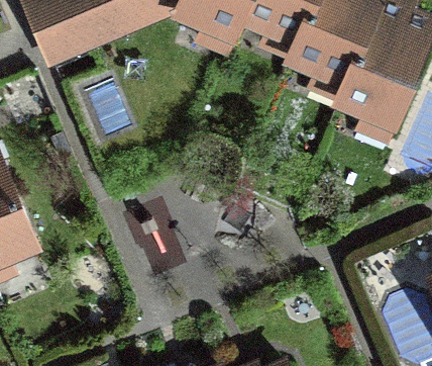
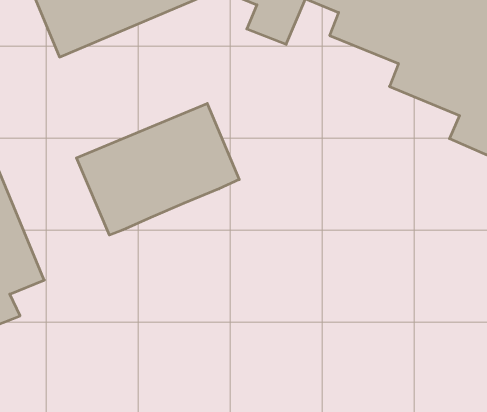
building: none -> [76,103,239,235]

